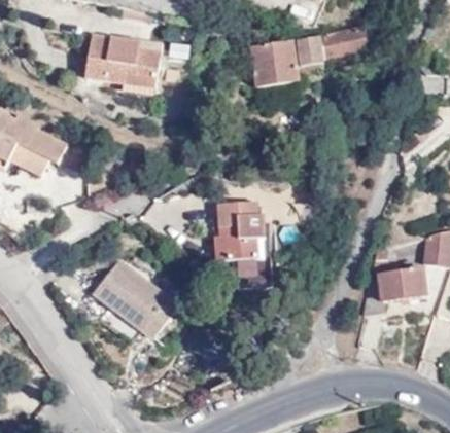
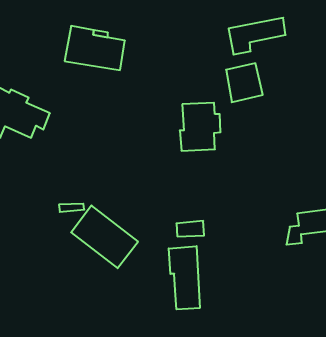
building: [248,40,295,89] -> [226,63,263,102]
building: [214,199,266,259] -> [180,103,221,151]
building: none -> [169,246,200,309]

